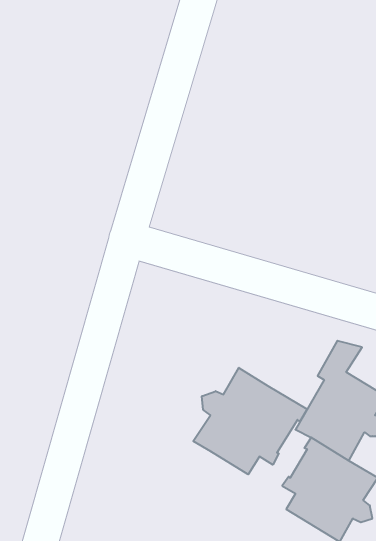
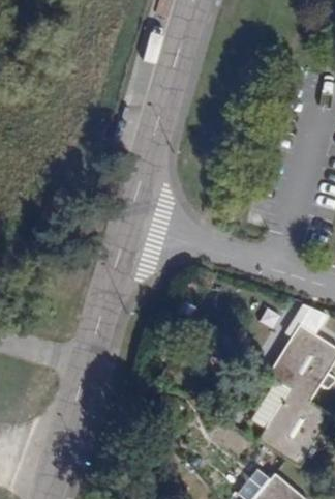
building: [193,368,307,474] -> none

